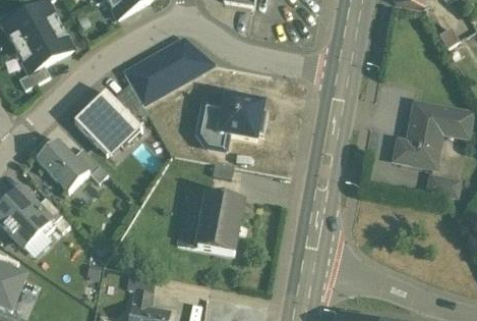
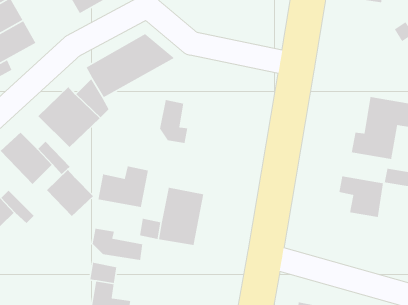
building: [220,97,266,141] -> none
building: none -> [97,166,149,208]
building: none -> [46,169,94,217]
building: none -> [339,175,384,218]
building: none -> [92,228,143,261]

